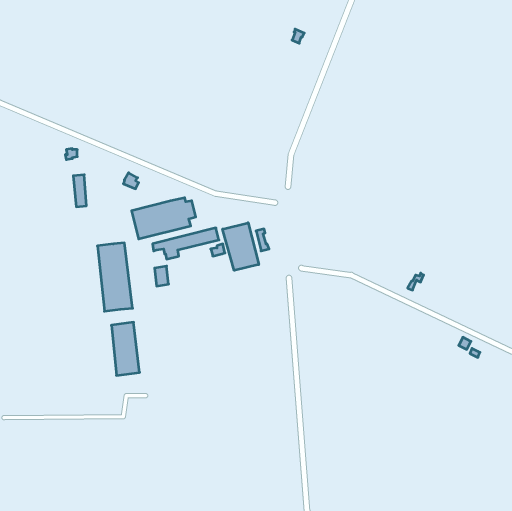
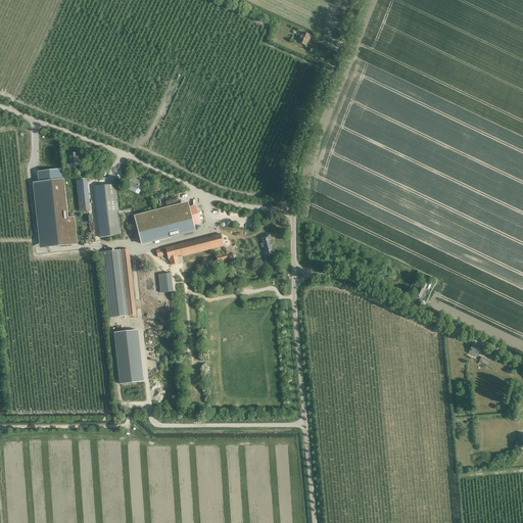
building: none -> [32,168,76,246]
building: none -> [94,183,120,236]
building: [223,223,259,270] -> none

